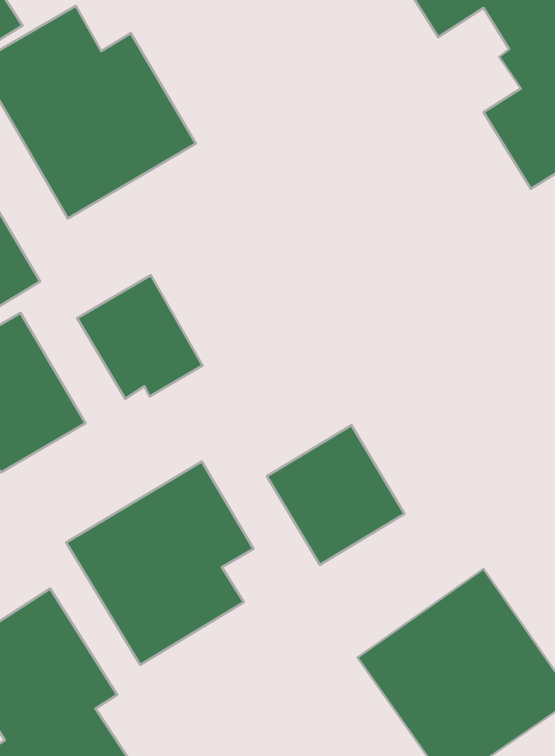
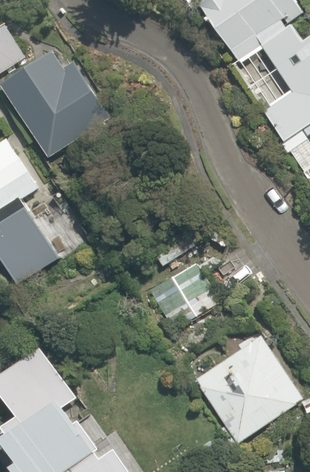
building: [77,275,203,399] -> none
building: [66,461,254,665] -> none

